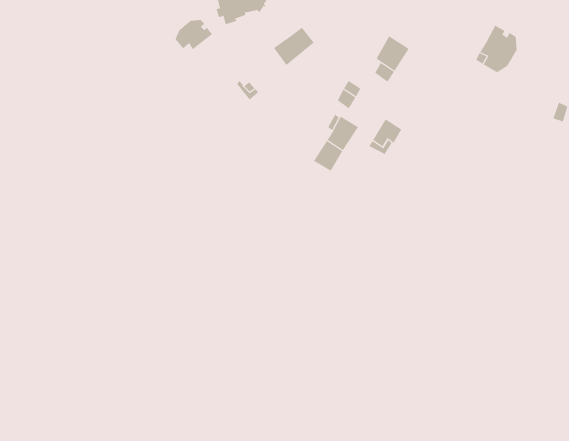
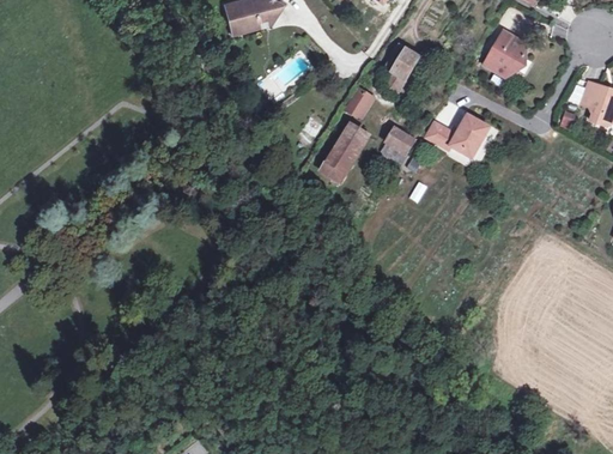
building: [175,19,213,50] -> none
building: [274,27,315,66] -> none
building: none -> [426,117,490,159]

